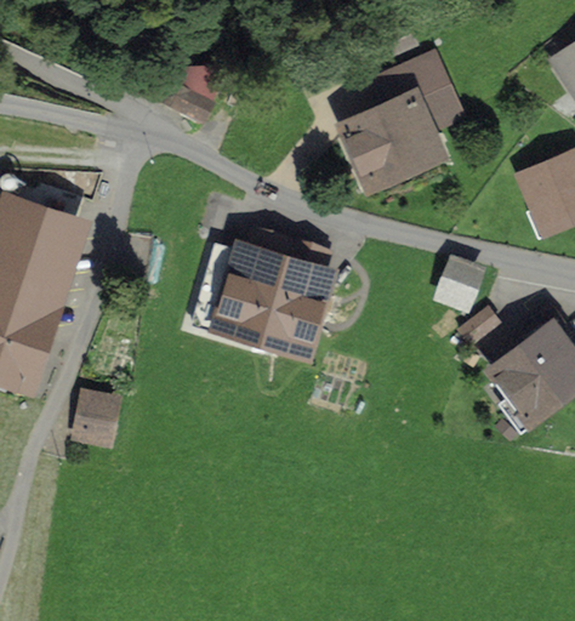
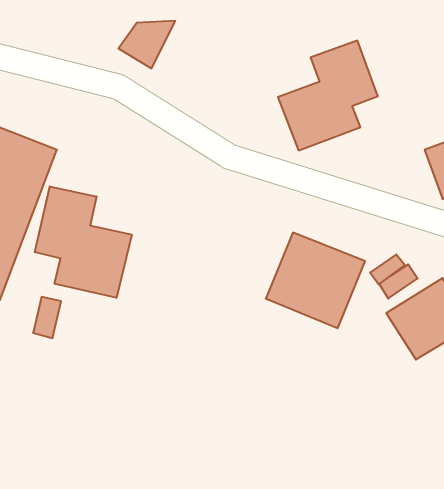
building: [215,238,328,346] -> [266,233,365,328]
building: none -> [35,186,132,298]
building: [438,264,483,308] -> none

